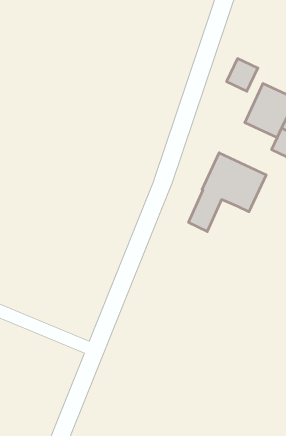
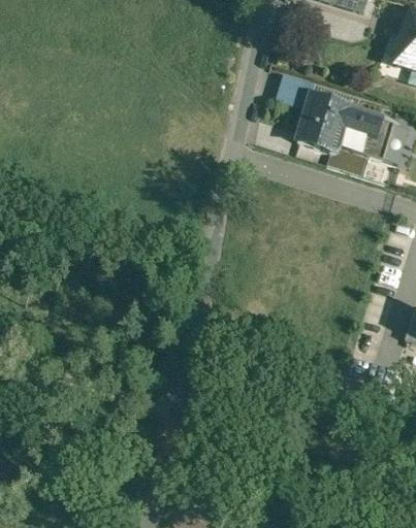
building: [189,153,266,232] -> none

